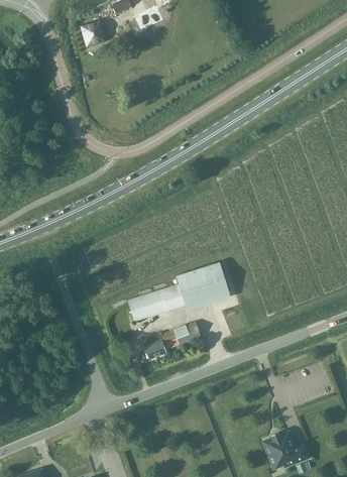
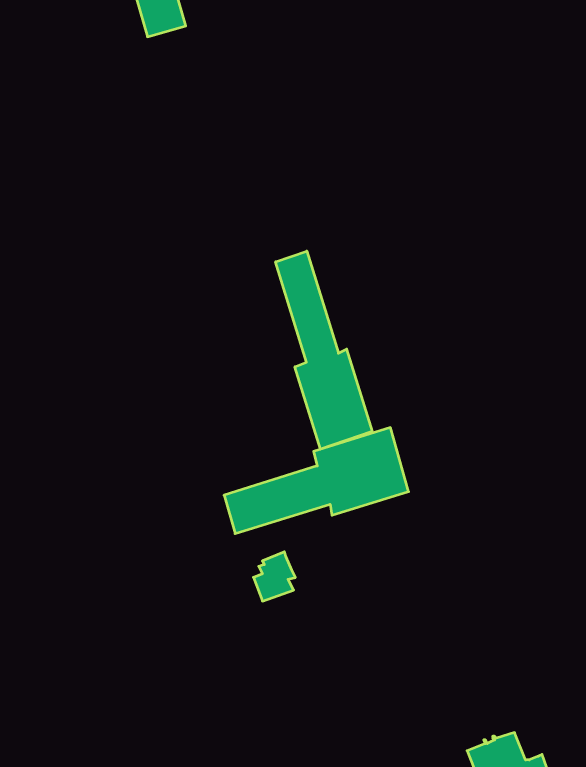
building: none -> [276,251,372,449]
building: [163,322,202,345] -> none

